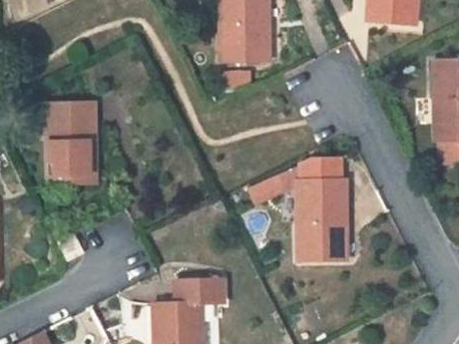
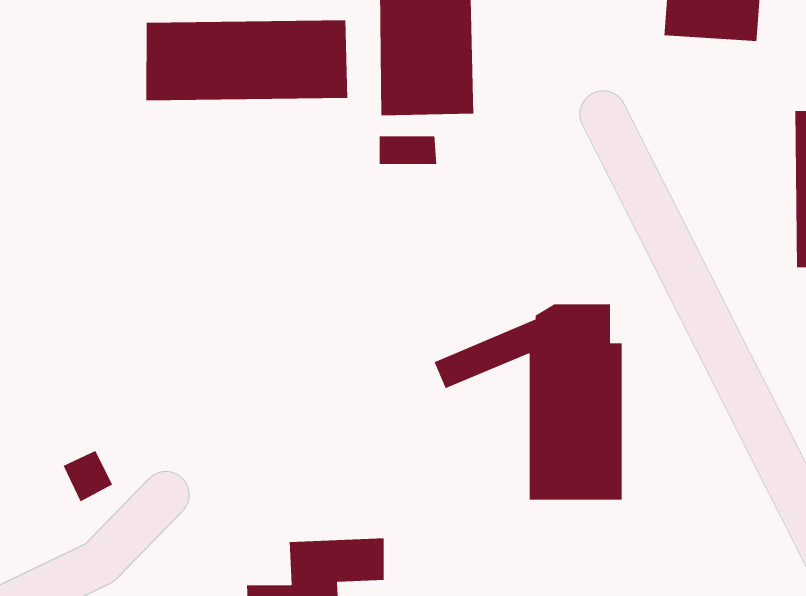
building: none -> [145,20,348,101]
building: [46,101,95,183] -> none

